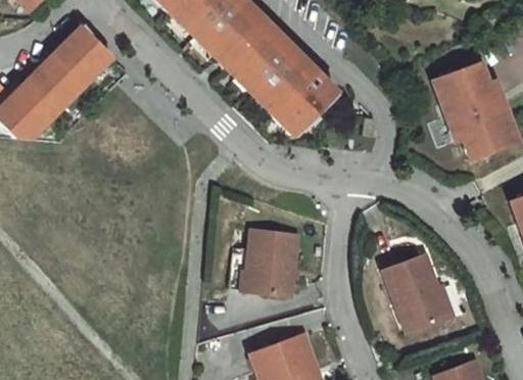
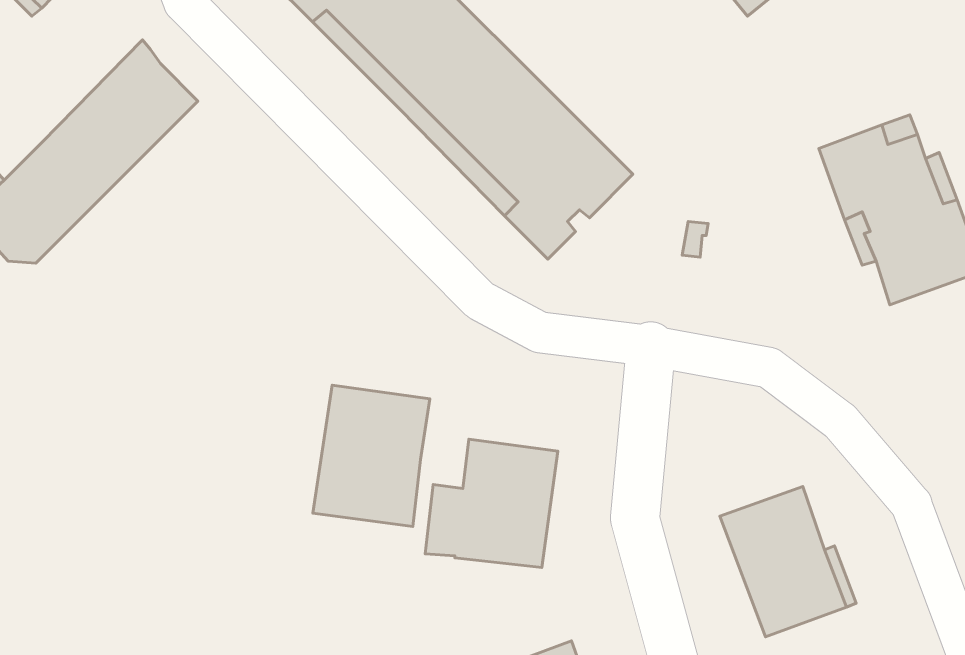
building: none -> [313,385,430,526]

